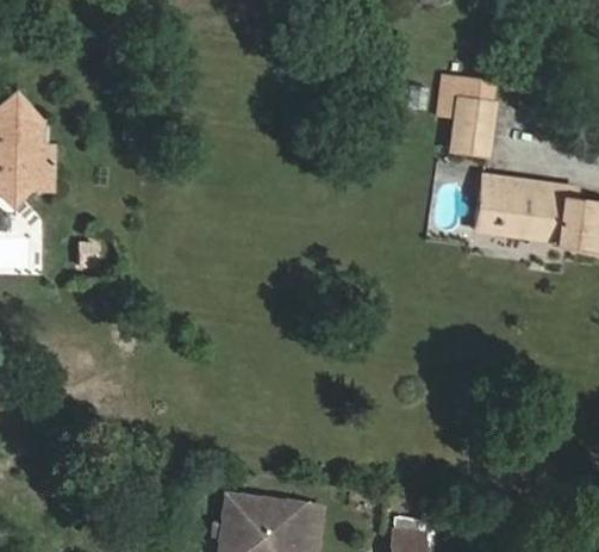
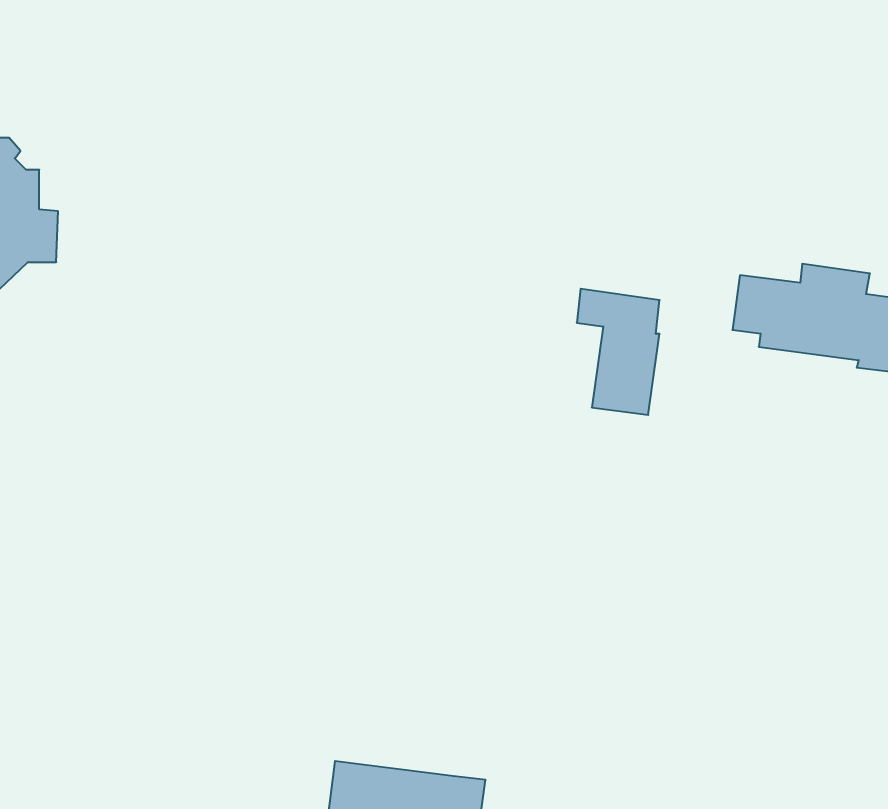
building: [442,76,494,156] -> [577,289,660,415]

